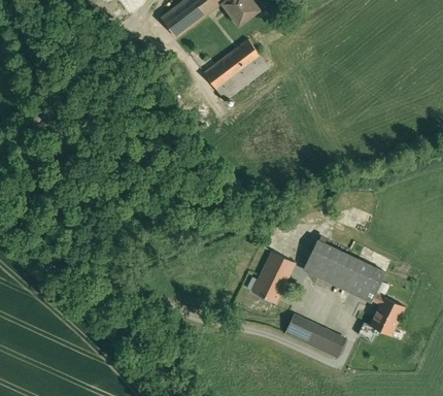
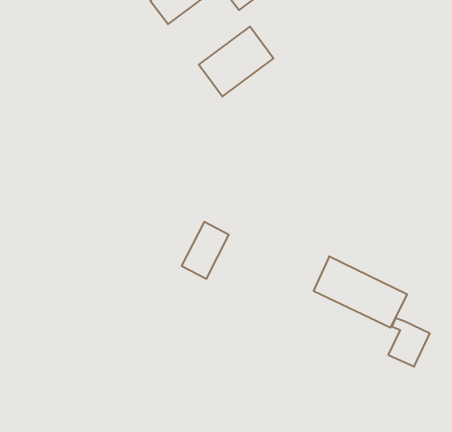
building: [251,252,293,301] -> [182,222,229,279]
building: [281,315,345,364] -> none

